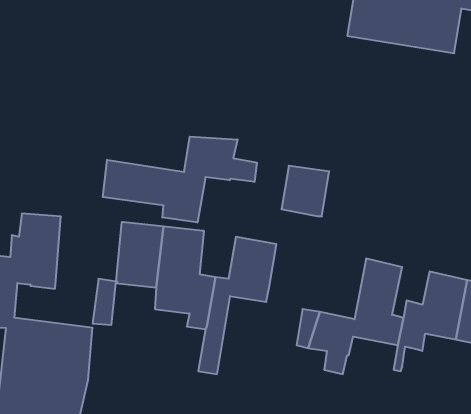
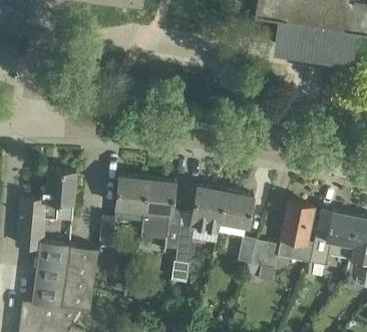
building: [103,137,257,223] -> none
building: [281,166,329,216] -> [221,193,254,228]

